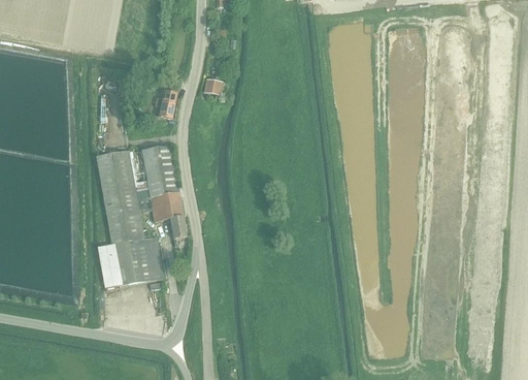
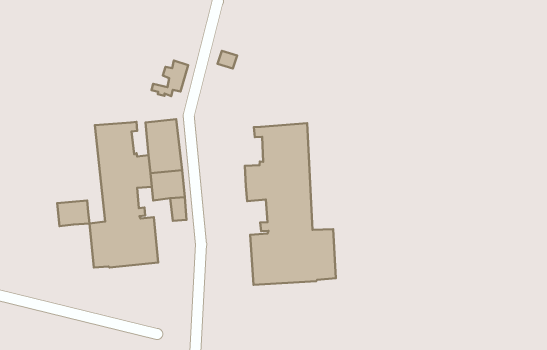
building: none -> [245,123,336,285]
building: none -> [57,200,89,226]

